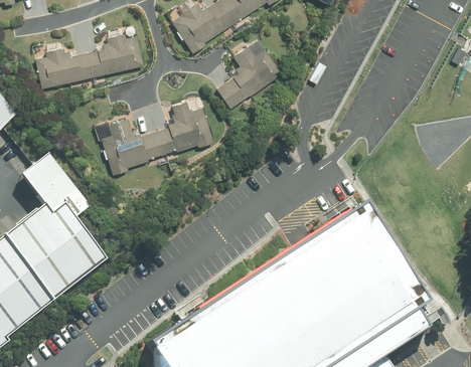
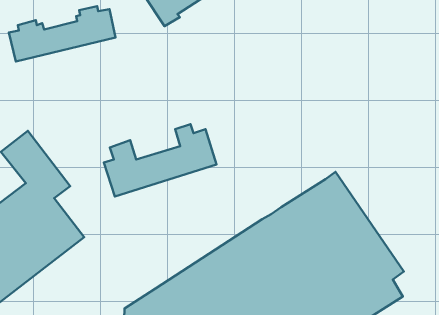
building: [216,45,281,108] -> none
building: [101,102,213,174] -> [104,124,216,197]

